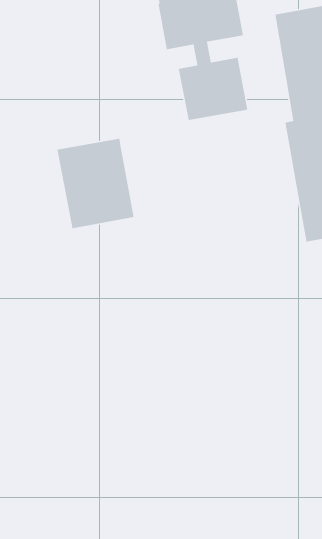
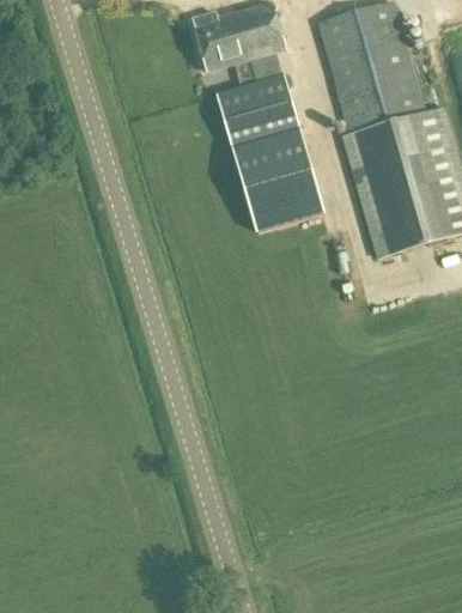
building: [57,138,134,229] -> [232,128,322,230]

